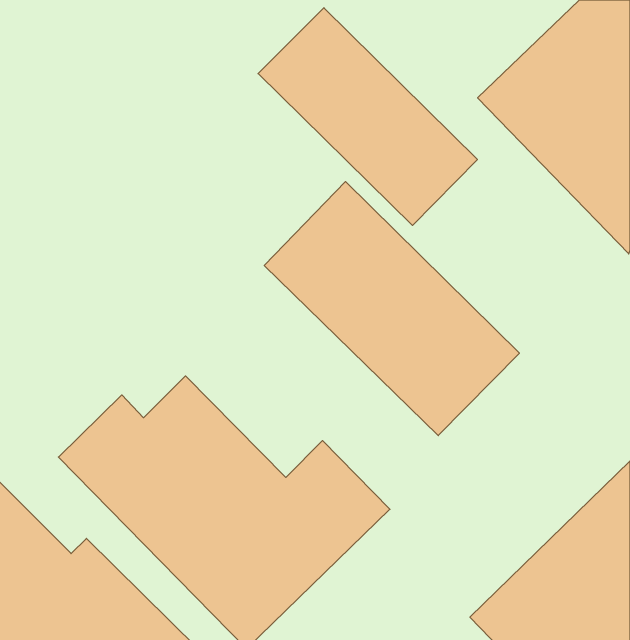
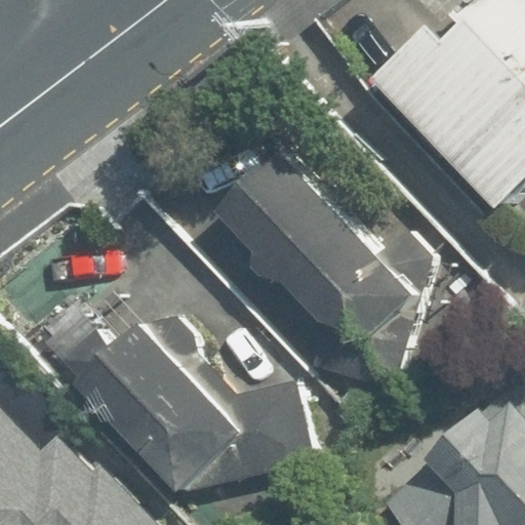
building: [258,8,477,225] -> none

